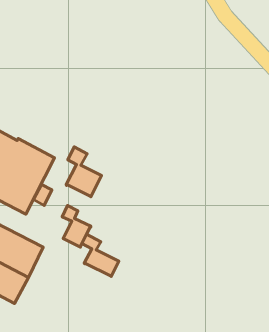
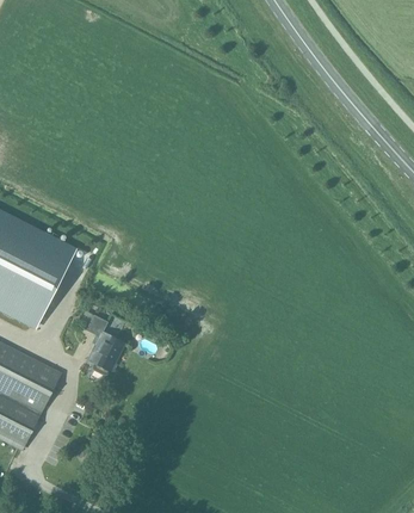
building: [66,147,101,197] -> none
building: [82,234,119,277] -> none

